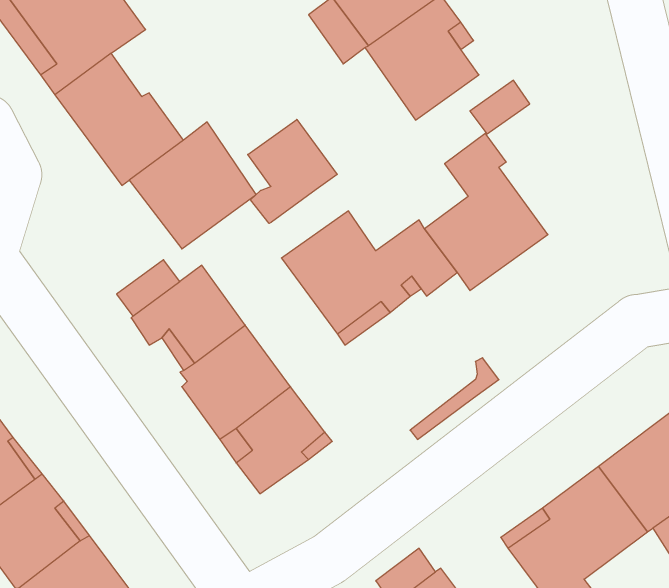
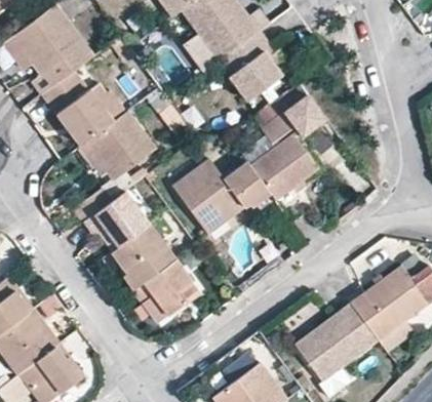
building: none -> [285,98,327,139]
building: [248,119,337,223] -> none

